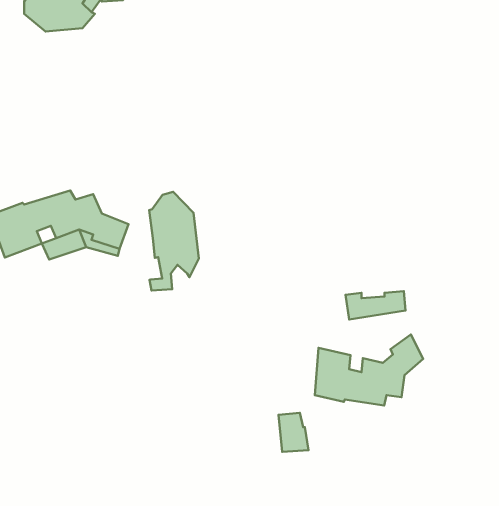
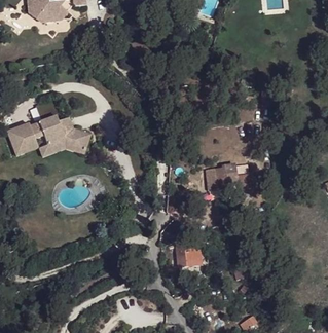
building: [149,192,199,291] -> none
building: [315,334,423,405] -> none

